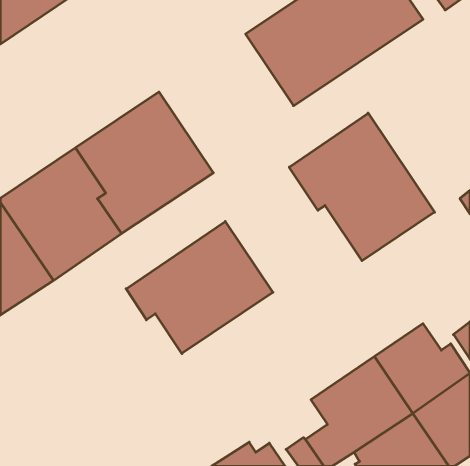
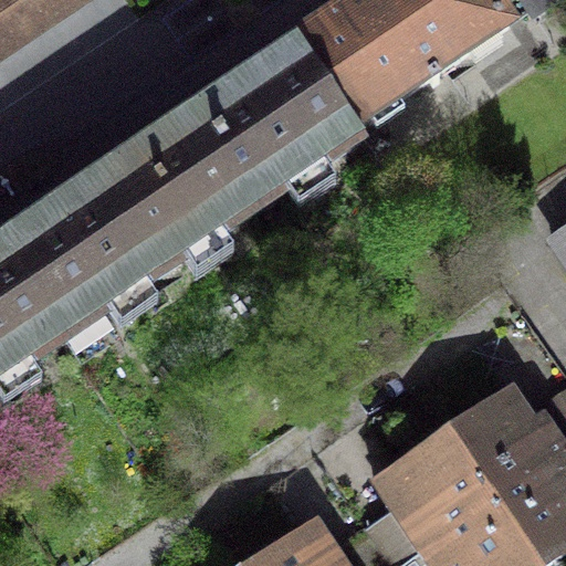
building: none -> [191,41,360,208]
building: [289,113,435,261] -> none
building: [126,221,273,354] -> none

